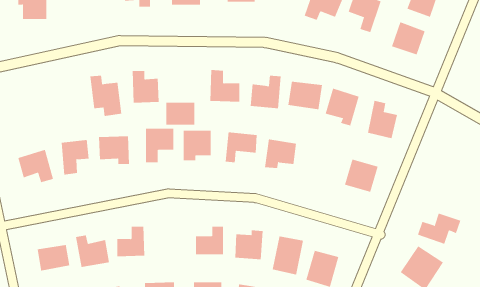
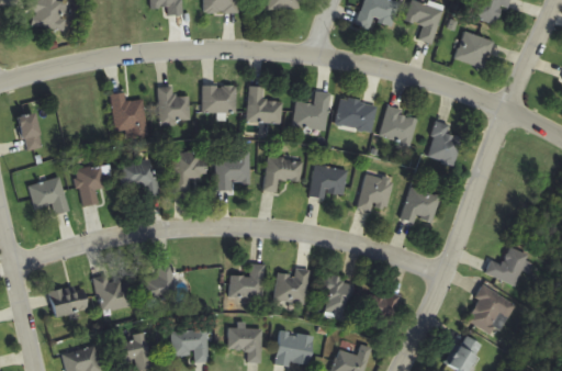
building: none -> [21,113,40,148]
building: [166,102,195,125] -> [202,85,236,111]
building: none -> [357,170,394,213]

